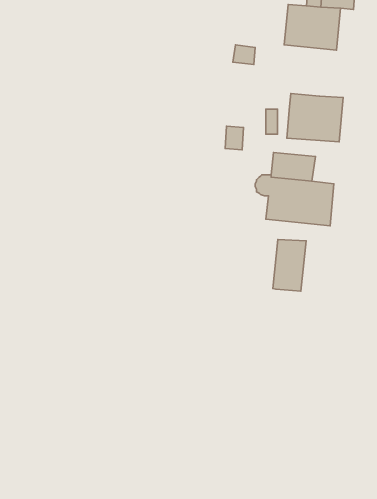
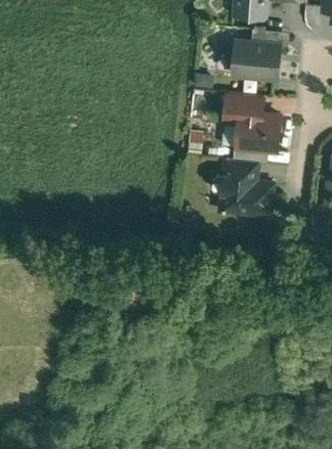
building: none -> [223,93,263,123]
building: [273,240,306,291] -> none

